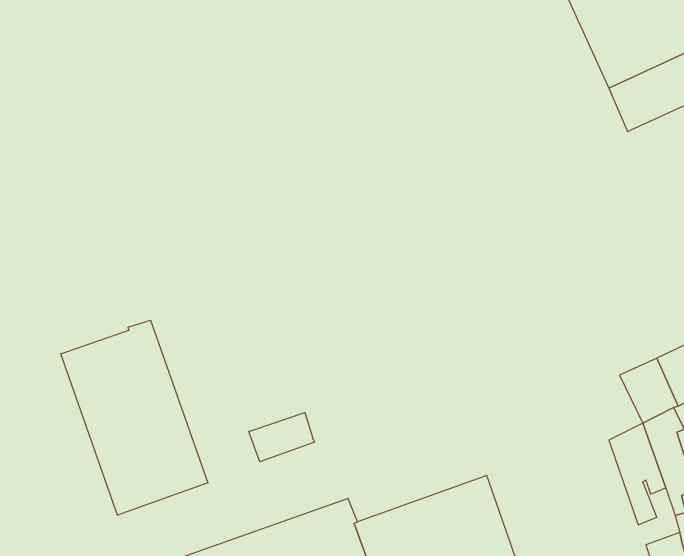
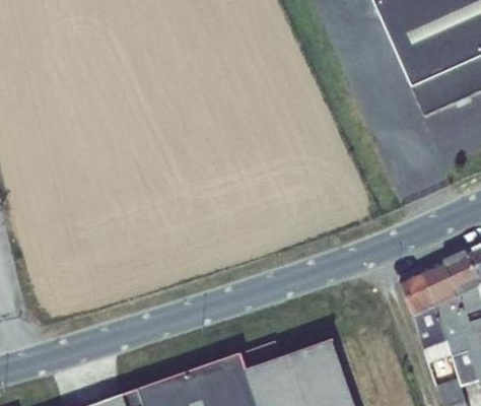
building: [61,320,208,515] -> none
building: none -> [401,275,434,318]
building: [249,413,315,462] -> none

